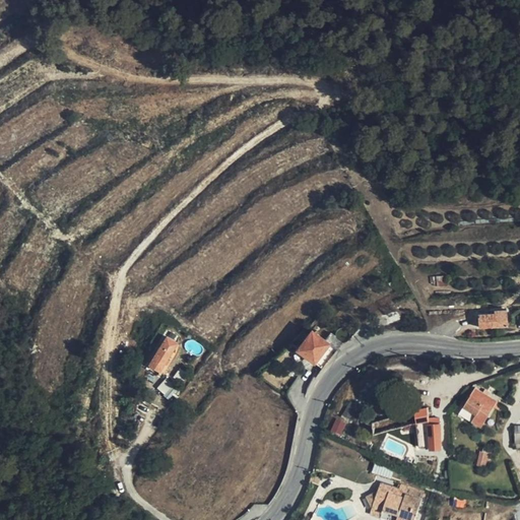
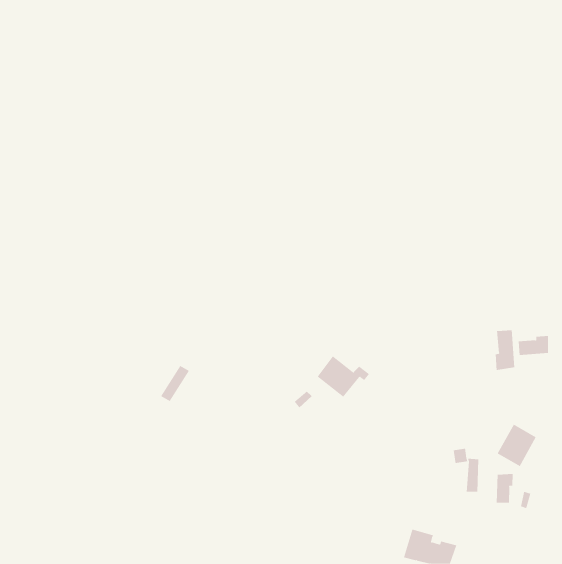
building: none -> [495,329,515,371]
building: none -> [496,473,513,504]

